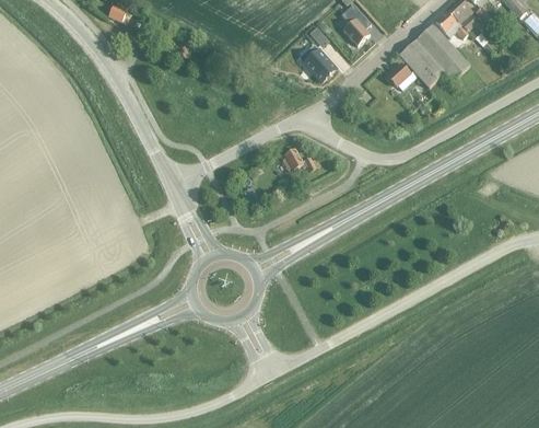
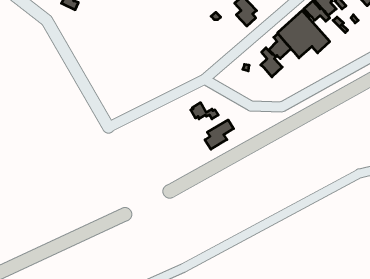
building: [300,44,336,81] -> none
building: none -> [261,48,282,77]
building: none -> [205,120,234,149]

